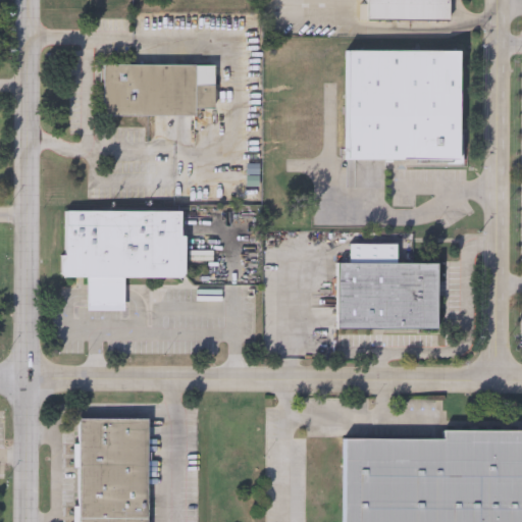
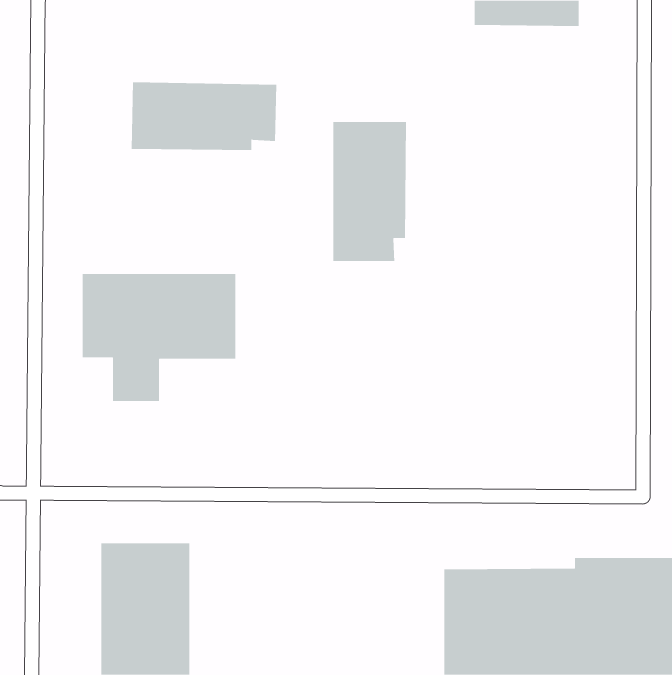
building: [348,50,461,159] -> none
building: none -> [333,121,406,262]
building: [338,244,438,328] -> none

